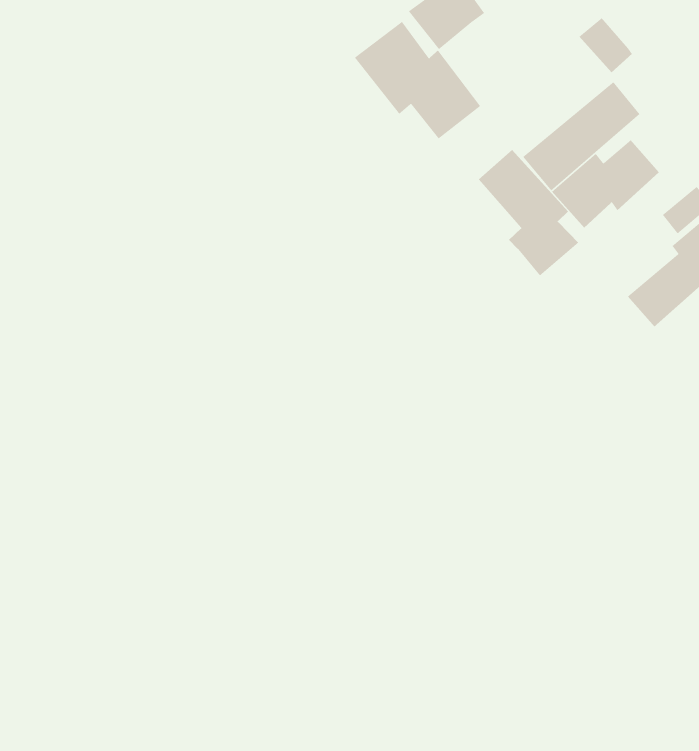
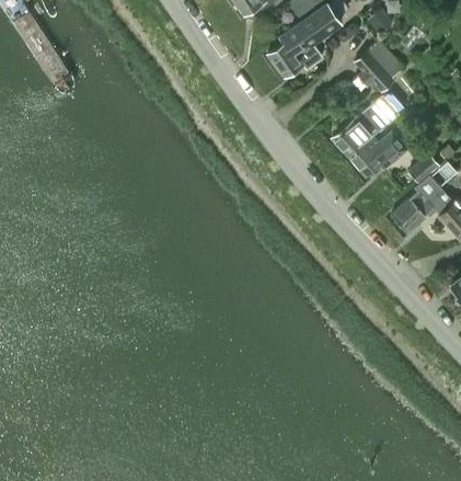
building: [354,21,481,139] -> none
building: [478,149,579,277] -> none

